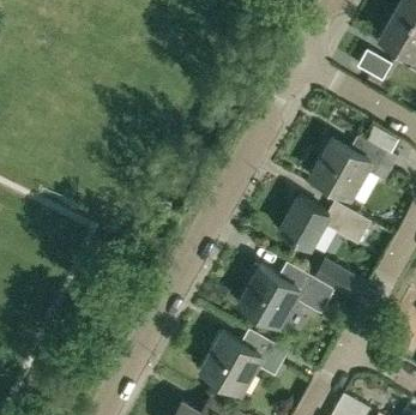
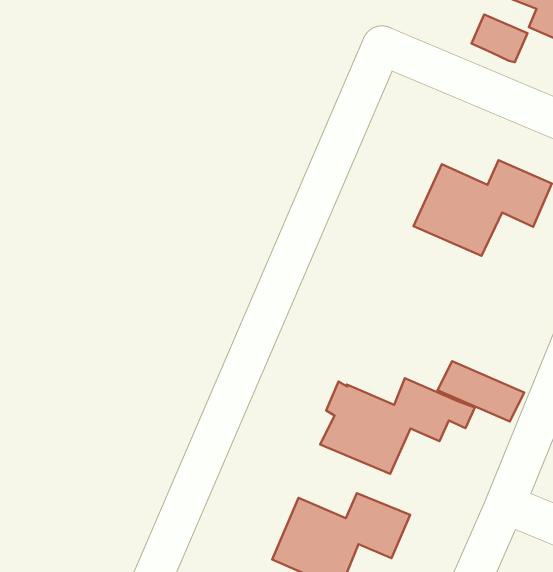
building: [279,196,369,247] -> none

